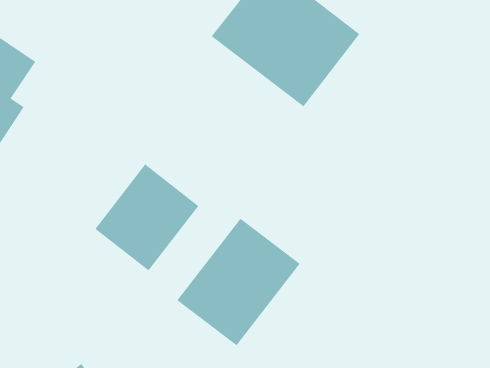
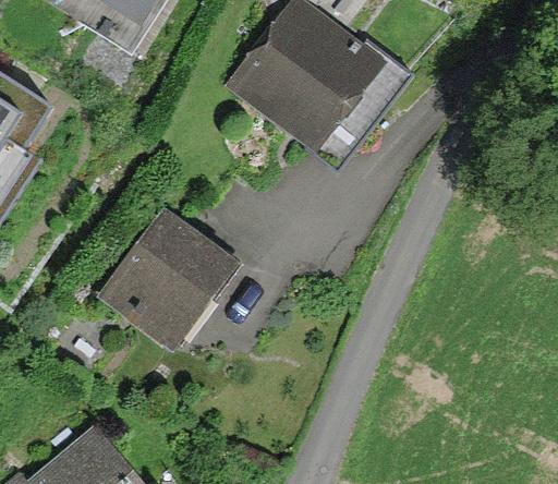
building: [177,218,300,346] -> none

